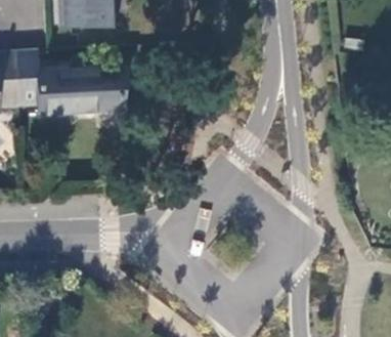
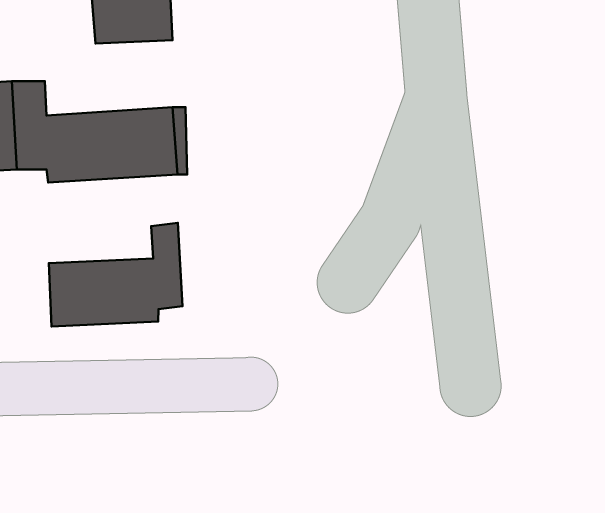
building: none -> [49,223,182,327]

